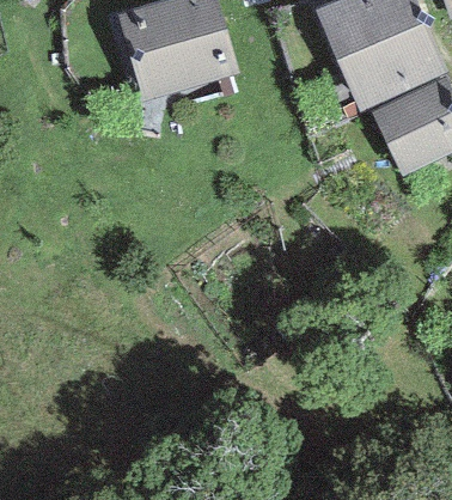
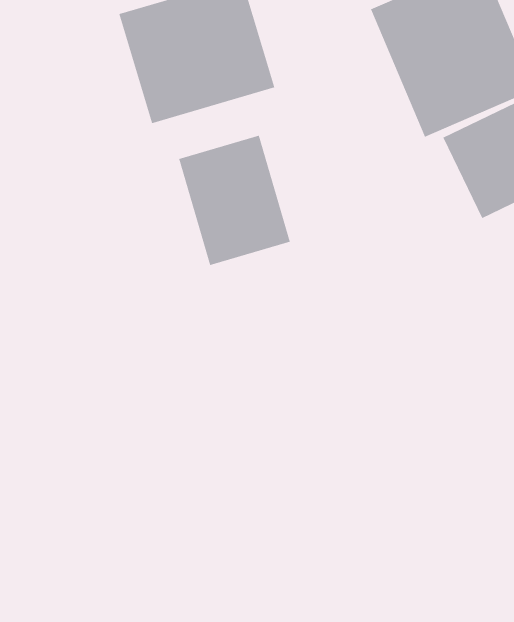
building: none -> [178,135,291,266]

